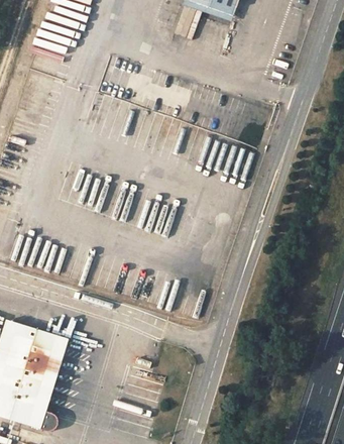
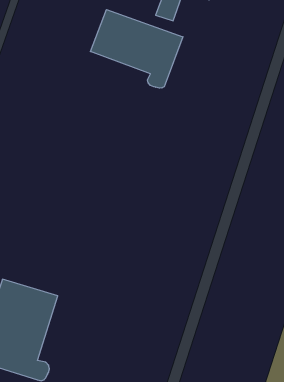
building: none -> [90,10,183,88]

